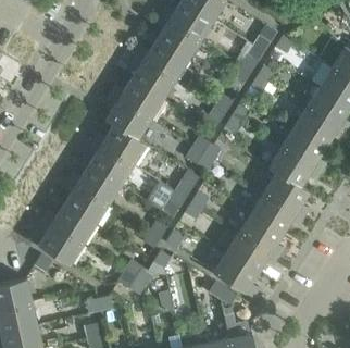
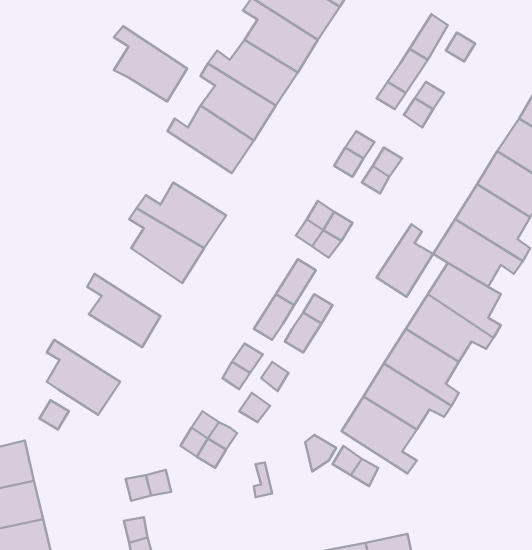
building: [105,96,149,140] -> [114,26,187,101]
building: none -> [376,224,433,297]
building: [67,165,120,206] -> none
building: [43,204,96,245] -> none

